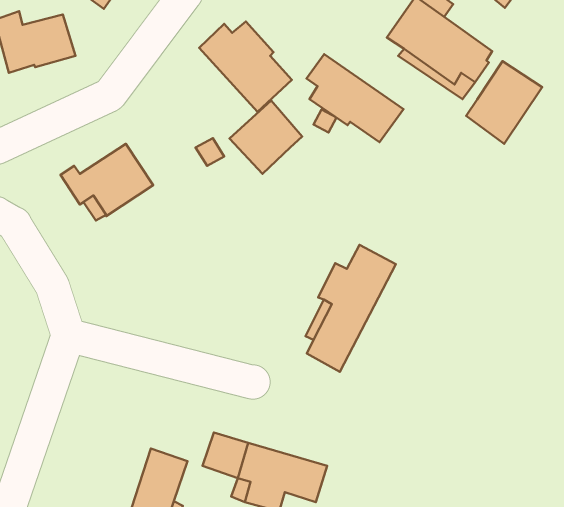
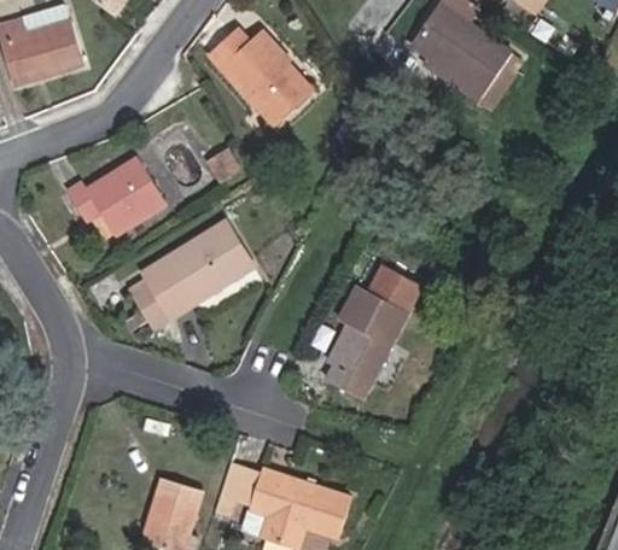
building: [306,54,403,142] -> none
building: [466,61,542,144] -> none
building: [230,101,302,174] -> none
building: none -> [128,220,255,329]

